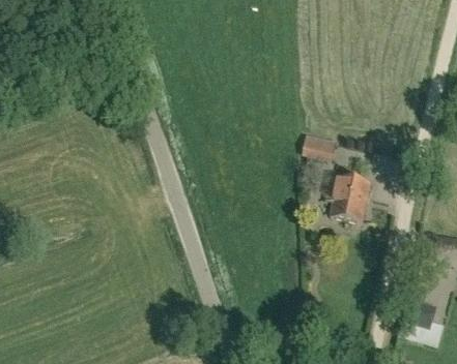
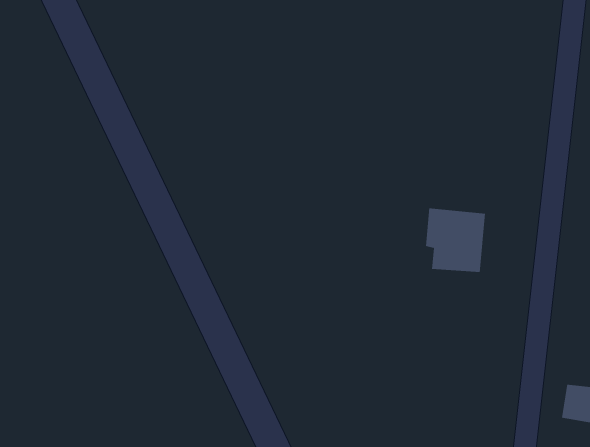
building: [302,135,335,160] -> none

